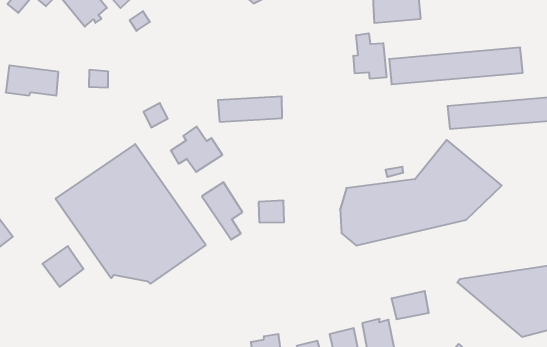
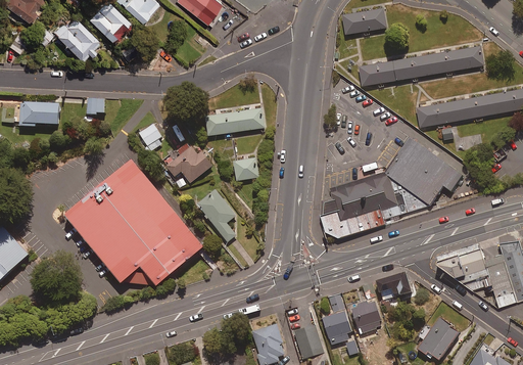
building: [353,33,386,79] -> none
building: [259,201,284,222] -> [233,157,257,179]
building: [42,246,83,287] -> none

